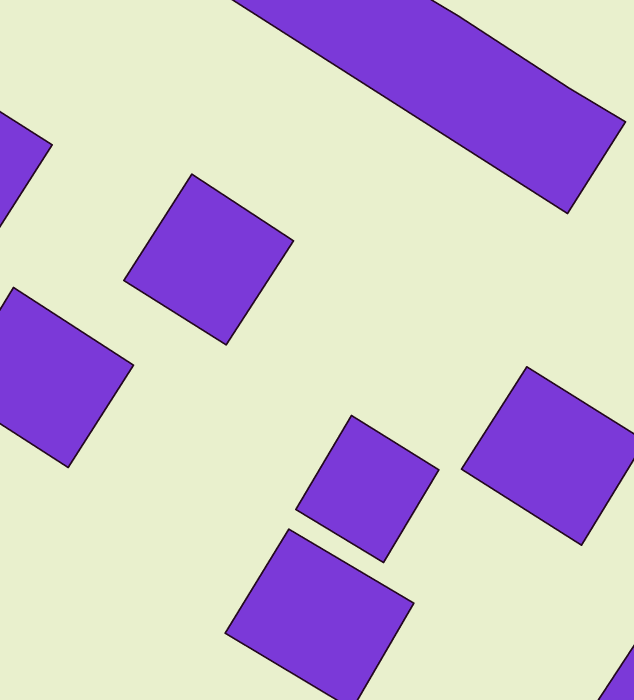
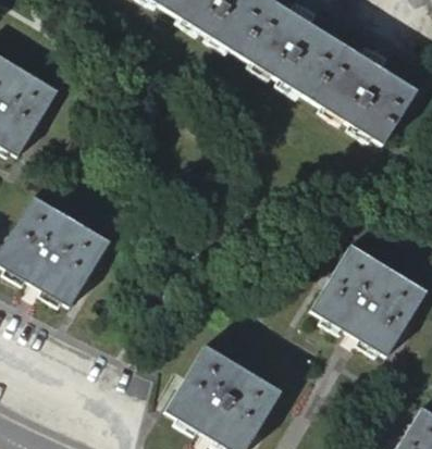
building: [124,174,294,345] -> none
building: [296,415,439,562] -> none

